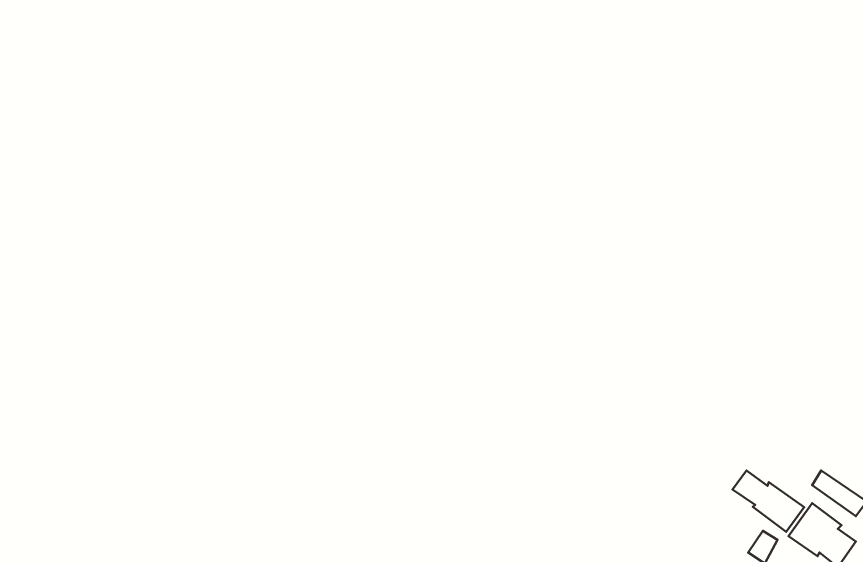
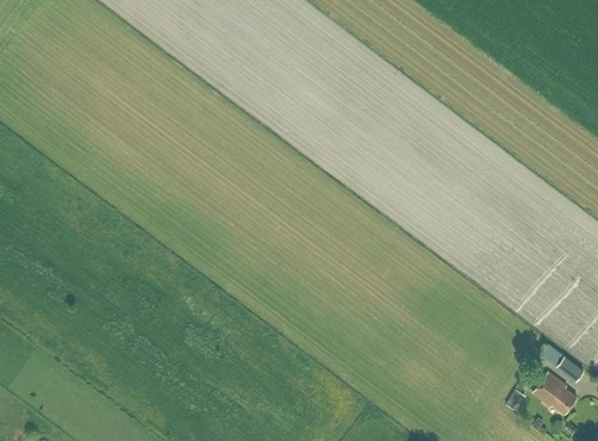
building: [732,470,804,532] -> none

